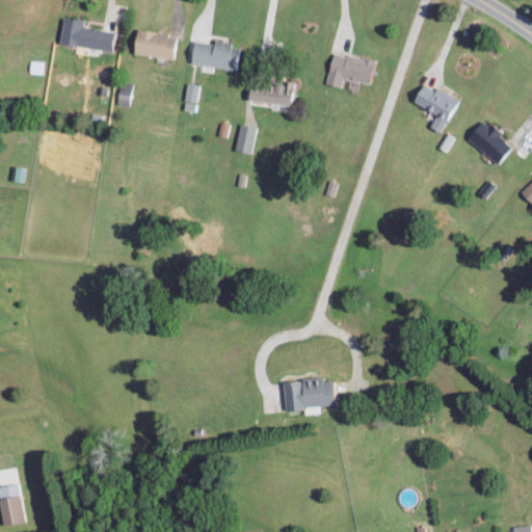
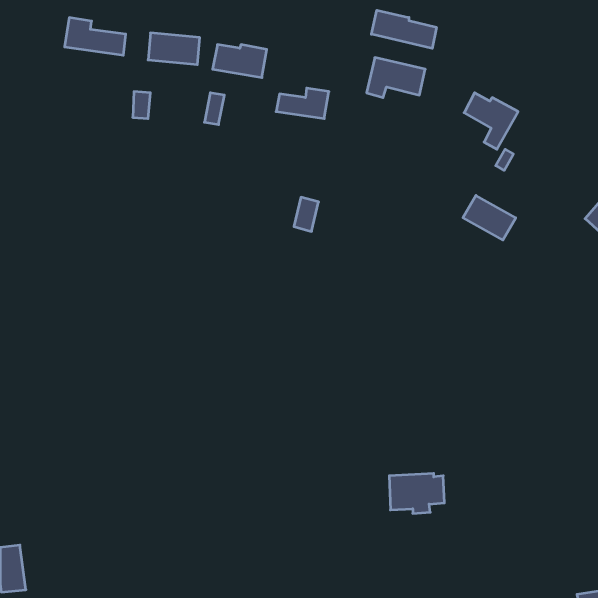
building: none -> [371,10,436,48]
building: [467,123,513,162] -> [463,195,516,240]
building: [236,125,258,155] -> [294,197,319,231]
building: [284,379,332,415] -> [389,473,444,513]

